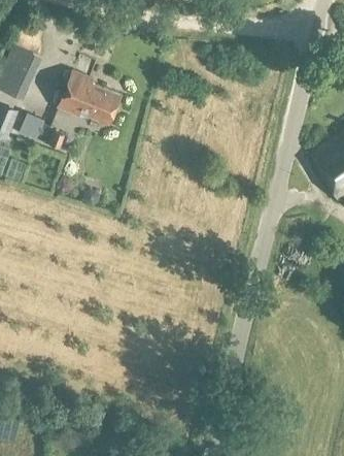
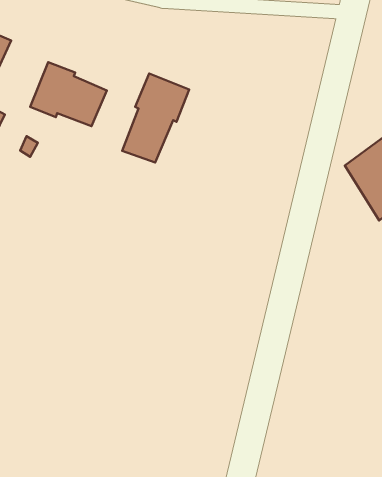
building: none -> [122,74,189,163]

